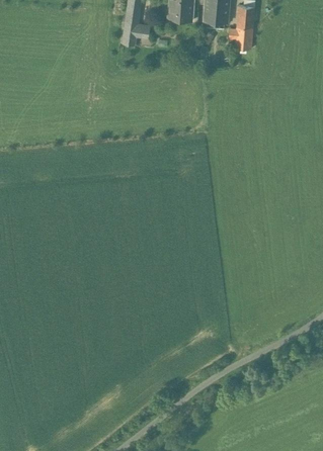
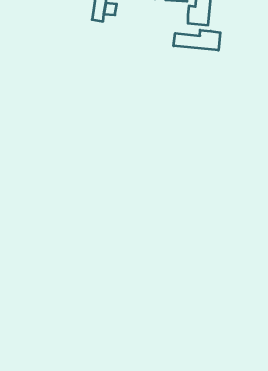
building: none -> [174,30,220,50]

